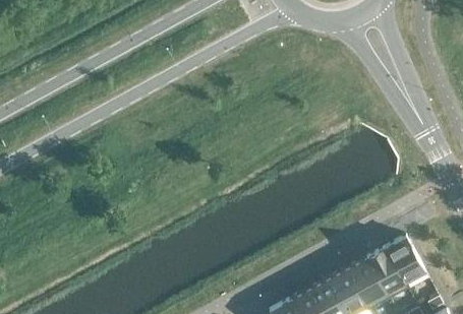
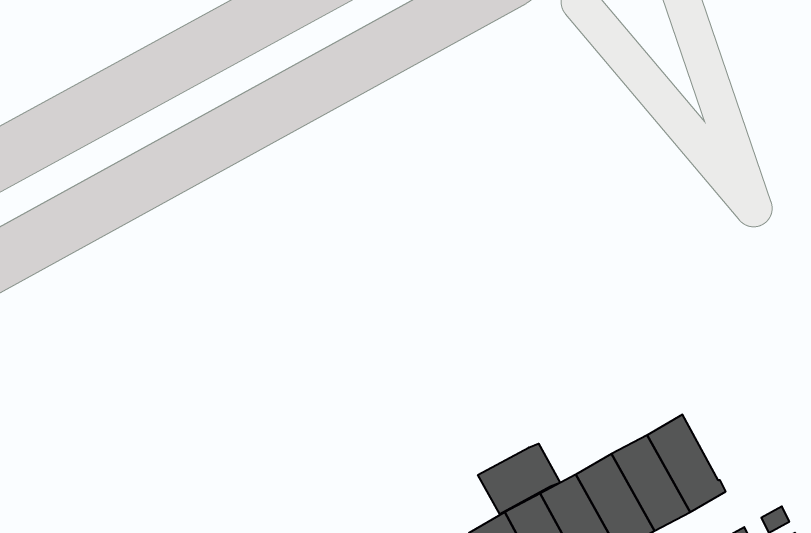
building: [385,237,424,282] -> none
building: none -> [478,444,560,514]

